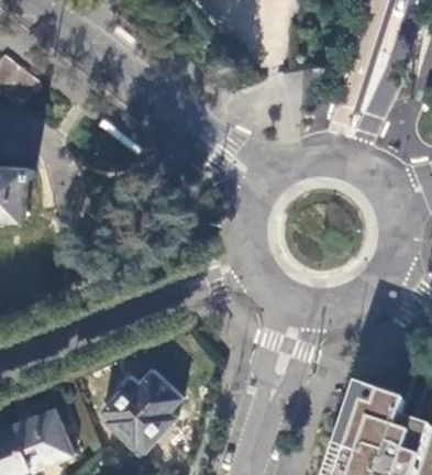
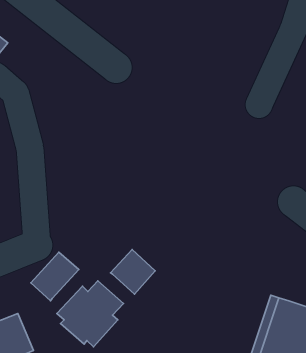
building: none -> [111,249,155,294]
building: none -> [31,252,79,301]

